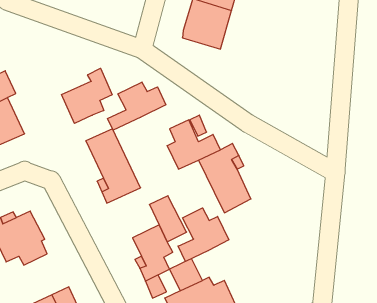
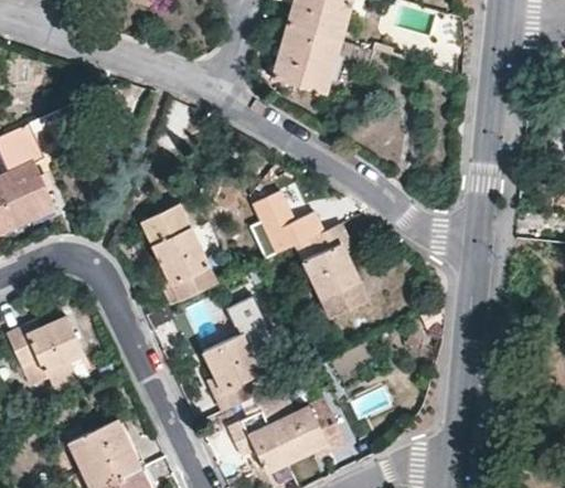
building: [62,68,112,123] -> none
building: [107,82,166,130] -> none
building: [178,208,229,261] -> none

